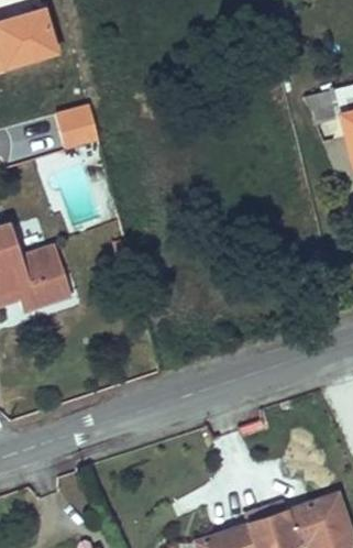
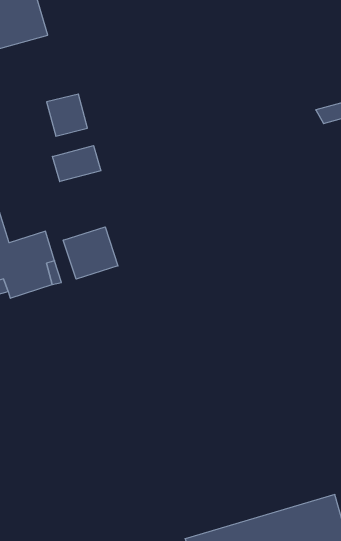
building: none -> [52,146,101,182]
building: none -> [63,227,118,279]

